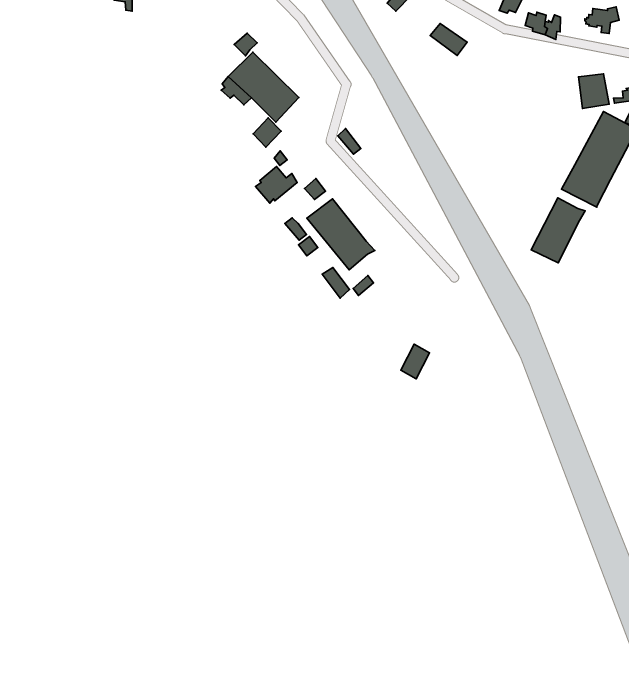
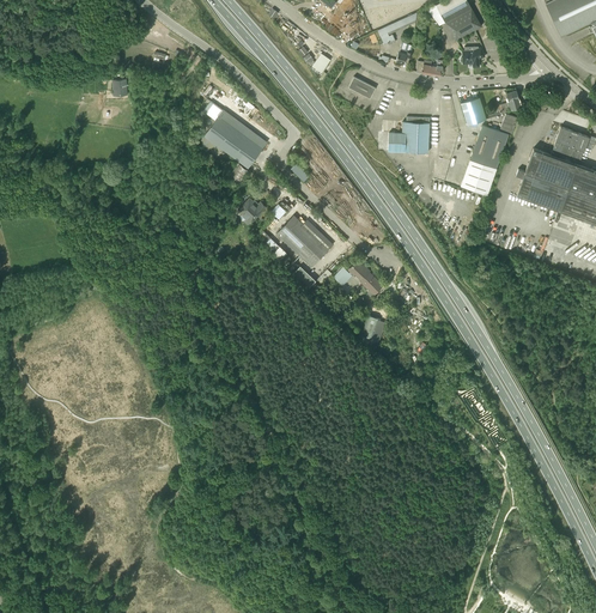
building: none -> [390,116,431,152]
building: [531,198,585,263] -> none
building: none -> [333,260,384,295]

